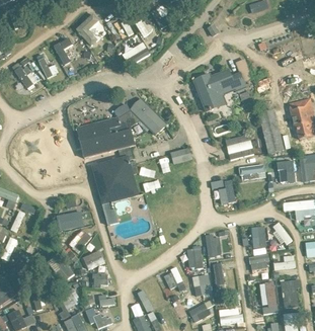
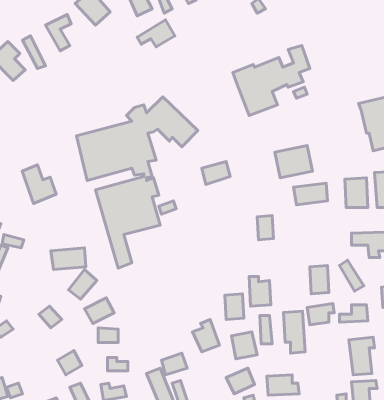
building: [258,110,284,155] -> none
building: none -> [22,165,56,203]
building: [260,282,277,314] -> [284,311,305,353]

